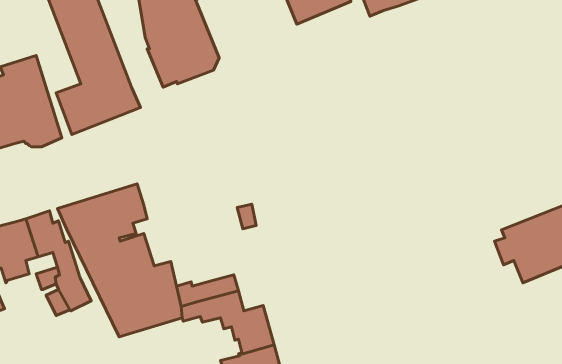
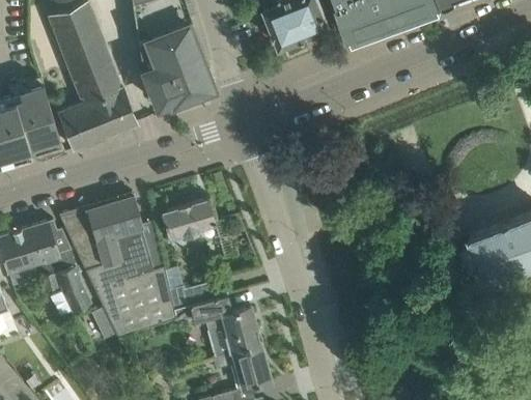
building: none -> [161,201,216,245]

